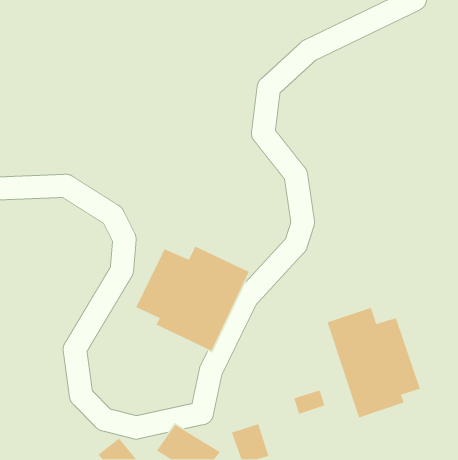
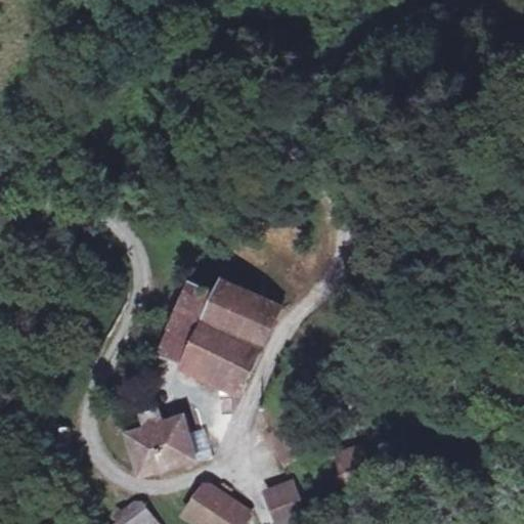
building: [326,307,421,418] -> none
building: none -> [127,403,195,478]

